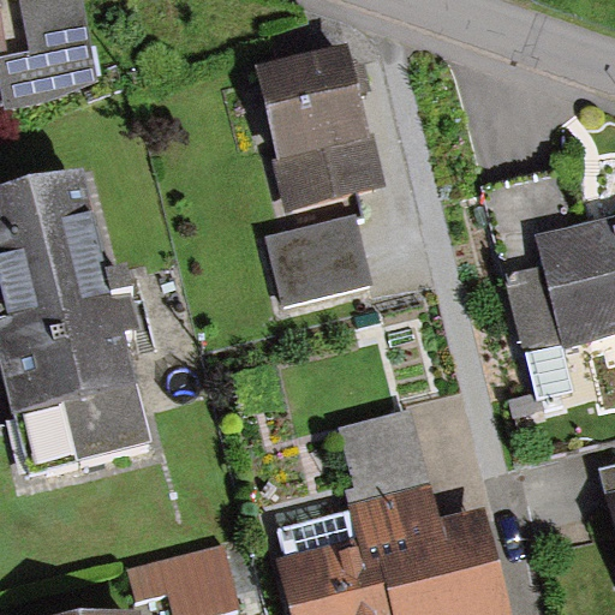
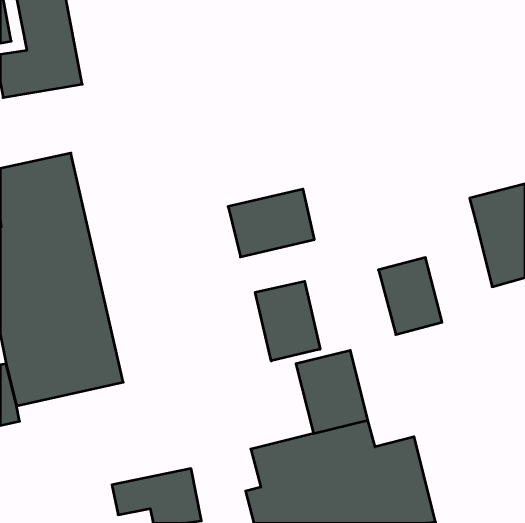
building: [262,54,384,204] -> none
building: [501,259,575,350] -> [378,258,442,335]
building: none -> [255,281,320,361]

